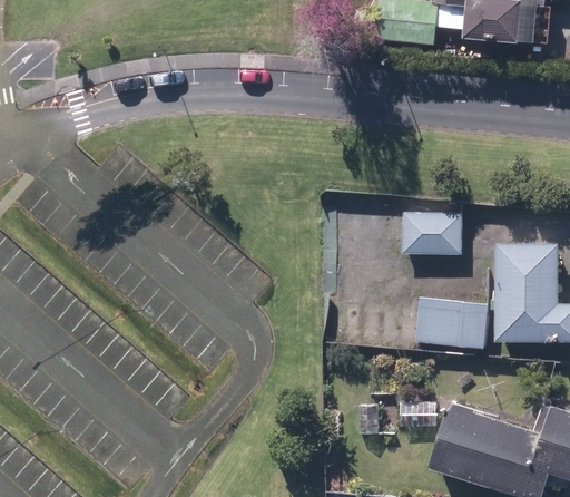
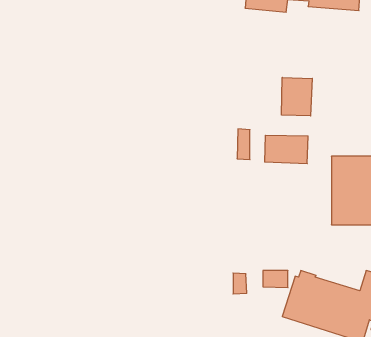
building: none -> [282,77,312,116]
building: [417,298,490,349] -> none

